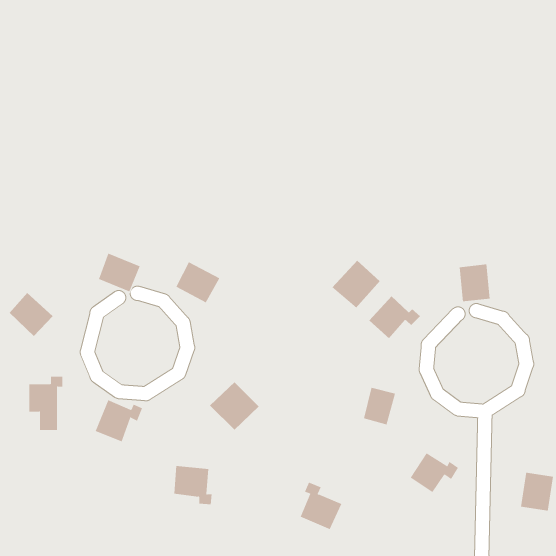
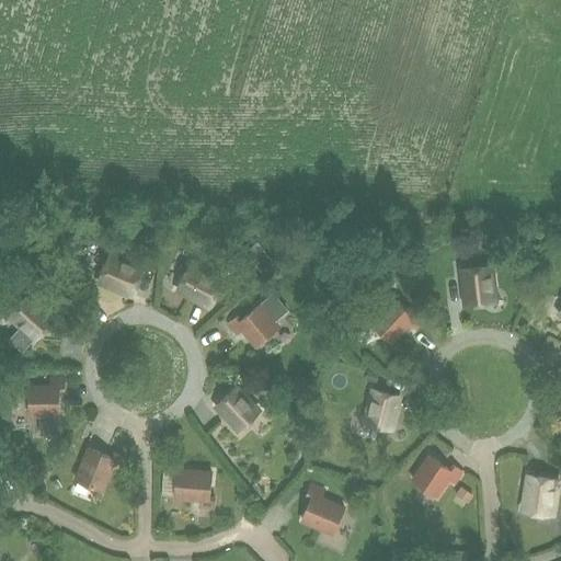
building: [332,260,380,308] -> none
building: none -> [228,305,278,346]
building: [95,400,143,442] -> [75,448,123,491]

